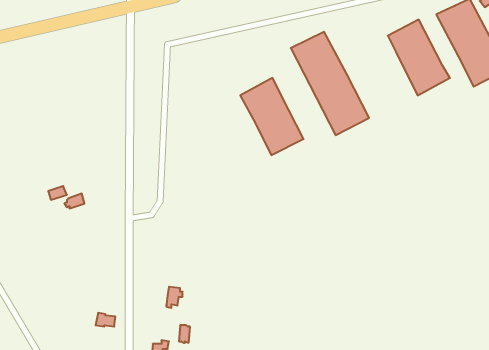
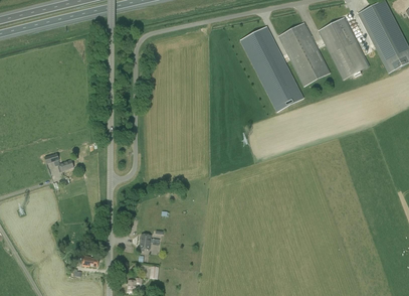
building: [240,78,304,155] -> [278,22,330,85]

